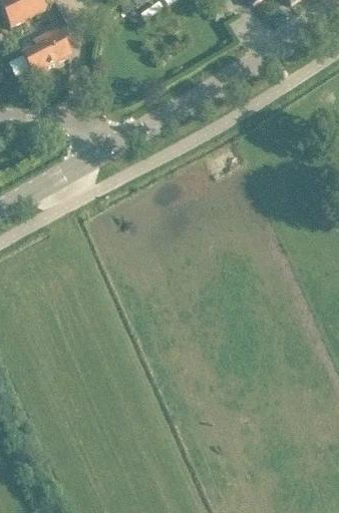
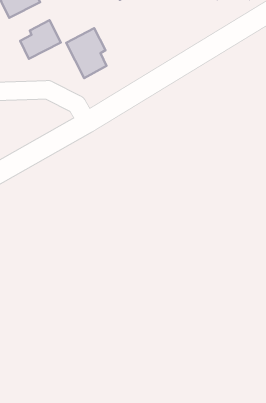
building: none -> [66,28,107,78]

